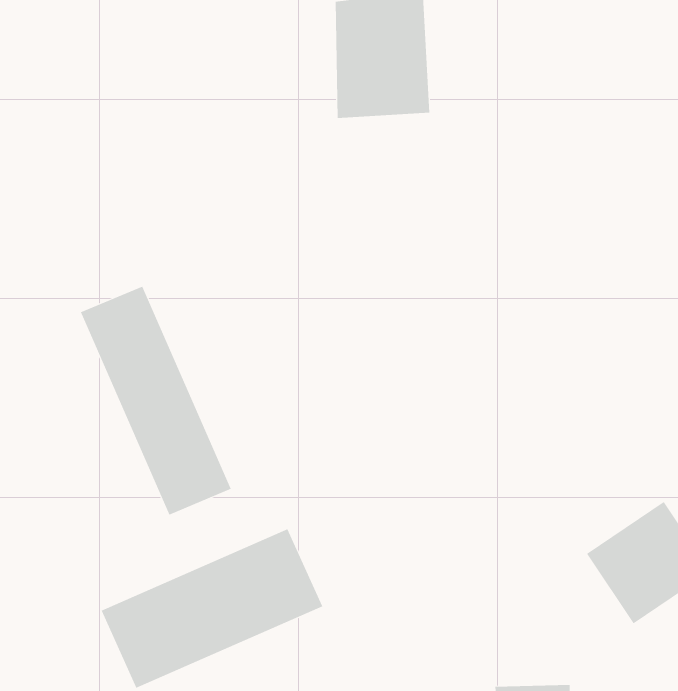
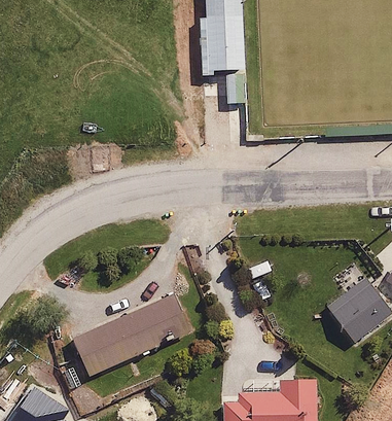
building: [80,286,231,515] -> none

